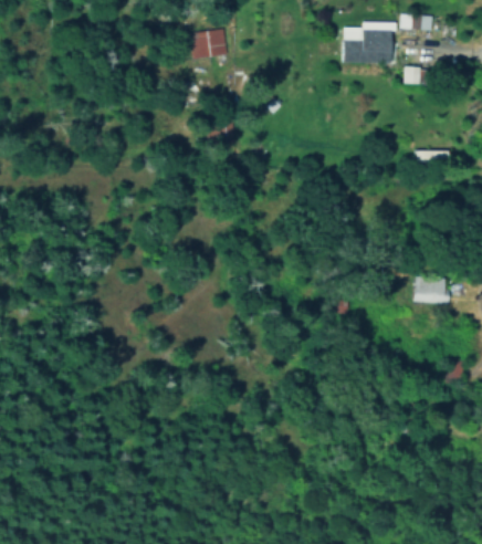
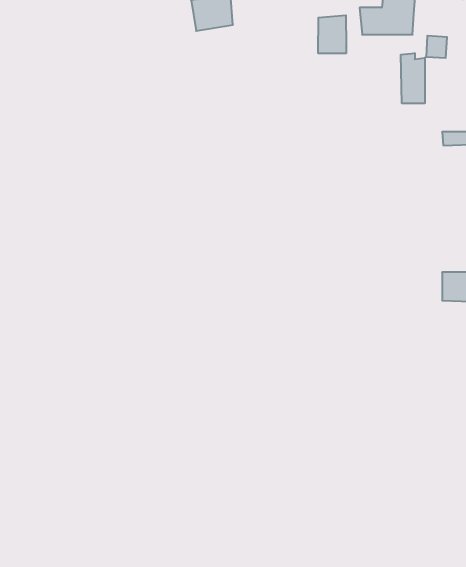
building: none -> [318,15,346,53]
building: none -> [401,53,425,103]

